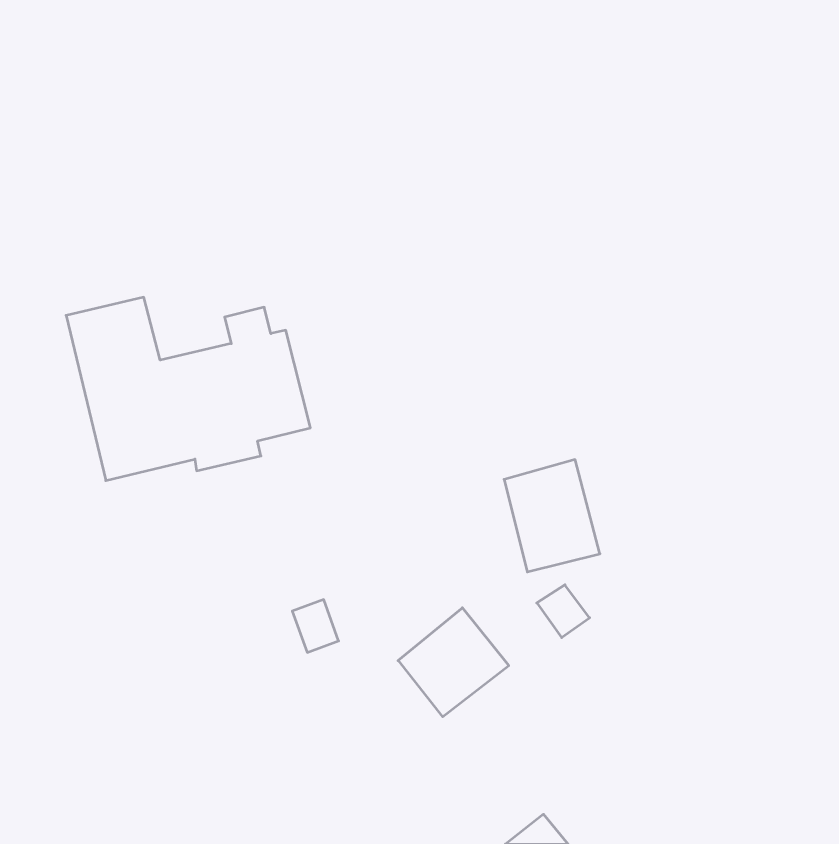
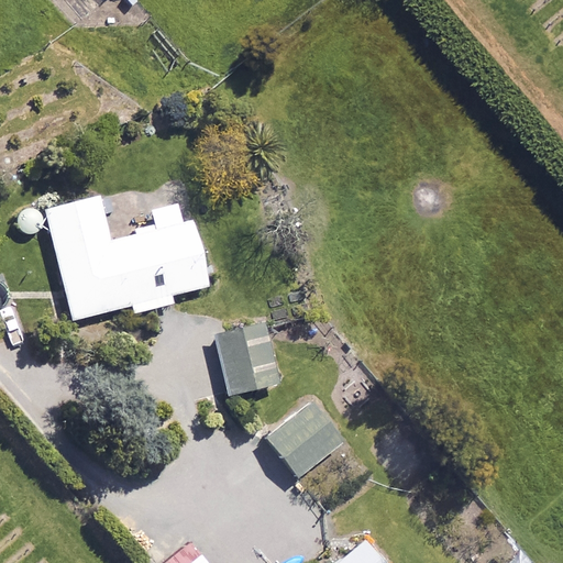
building: [504,460,600,572] -> [214,320,278,395]

